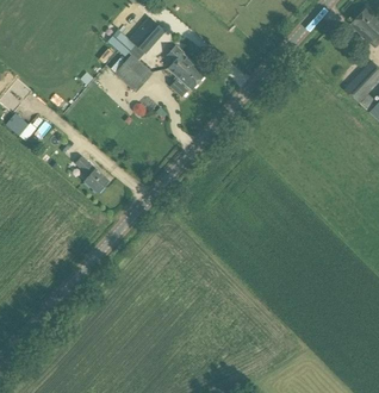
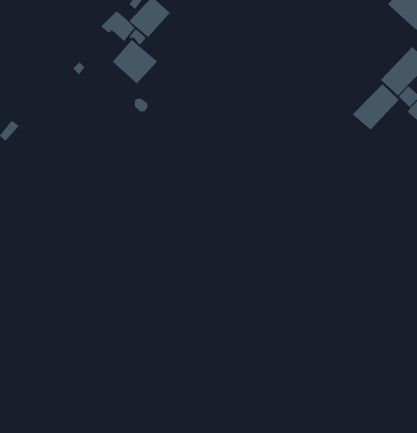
building: [169,45,206,95] -> none
building: none -> [352,83,400,131]
building: [76,155,111,192] -> none

